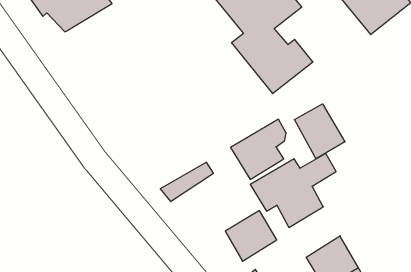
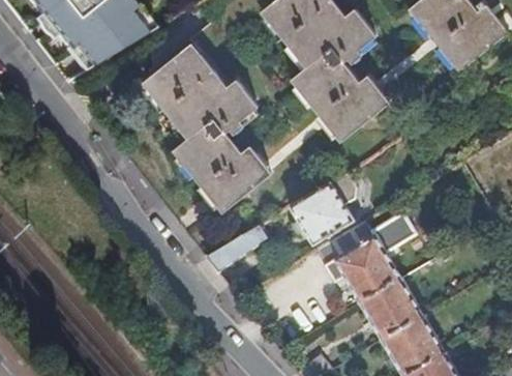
building: none -> [144,44,271,212]
building: [294,104,345,159] -> none
building: [225,211,277,261] -> [360,278,422,339]

